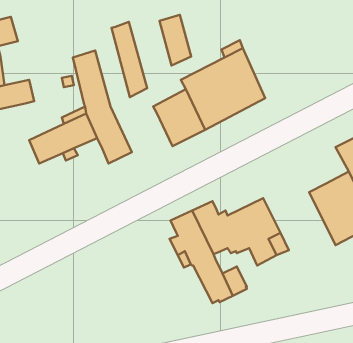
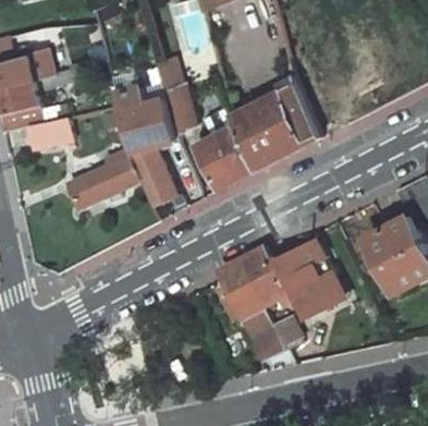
building: [159,15,191,66] -> [140,92,174,146]

